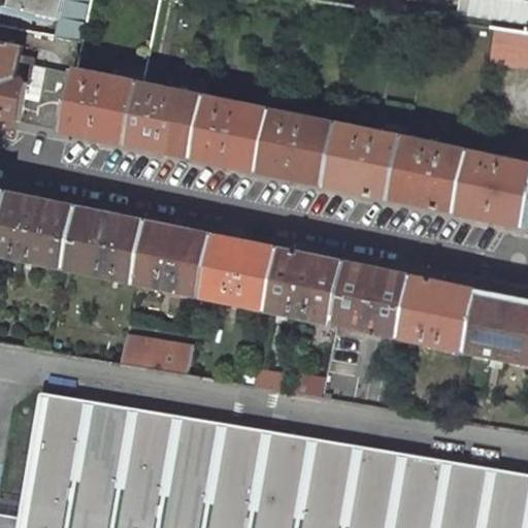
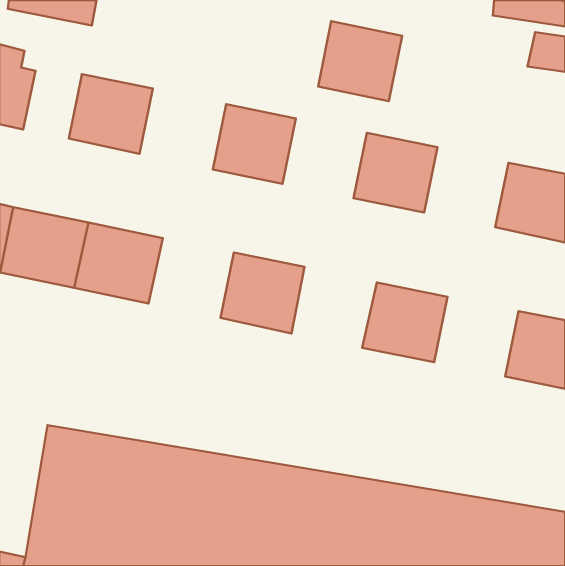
building: [22,66,75,129] -> none
building: [130,82,210,158] -> none
building: [263,110,341,185] -> [318,21,402,101]
building: [395,137,473,211] -> none
building: [138,222,218,296] -> none
building: [271,249,351,324] -> none
building: [404,276,483,351] -> none
building: [123,337,195,377] -> none

